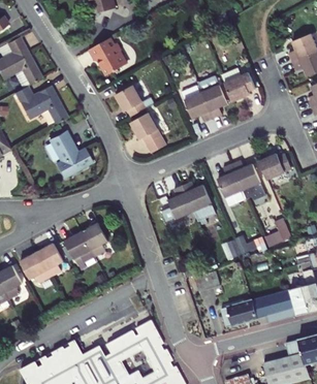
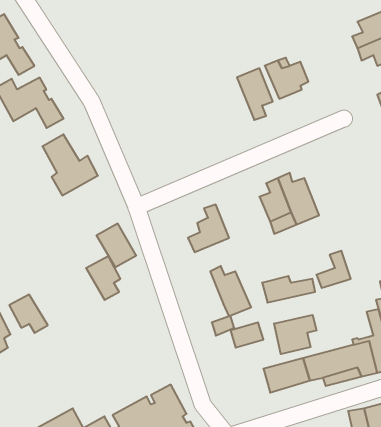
building: [89,37,127,74] -> none
building: [116,82,157,113] -> none
building: [182,83,213,120] -> none
building: [131,109,166,150] -> none
building: [258,151,290,178] -> none
building: [183,178,215,217] -> [210,266,251,316]
building: [65,231,96,265] -> [96,224,136,267]
building: [37,243,64,276] -> none
building: none -> [274,315,317,354]

